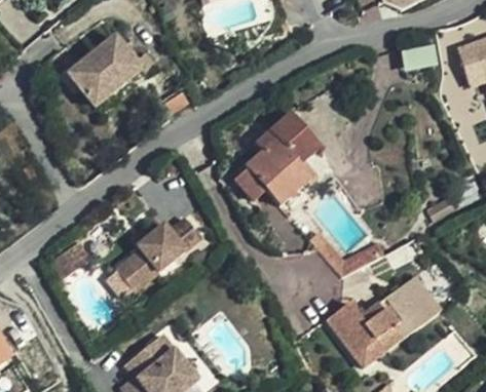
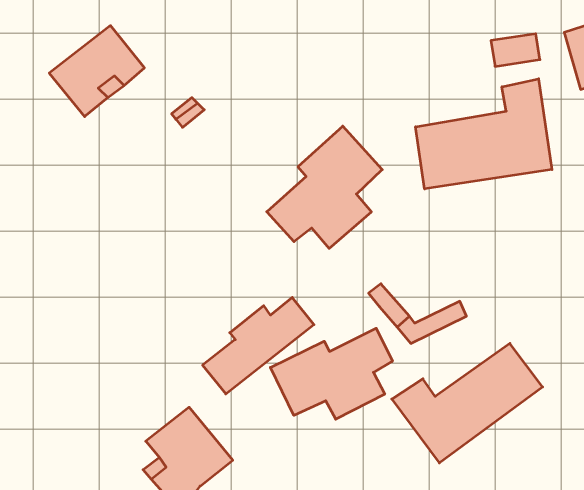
building: none -> [416,79,552,189]
building: [105,230,189,303] -> [203,297,314,394]
building: none -> [270,328,392,419]

